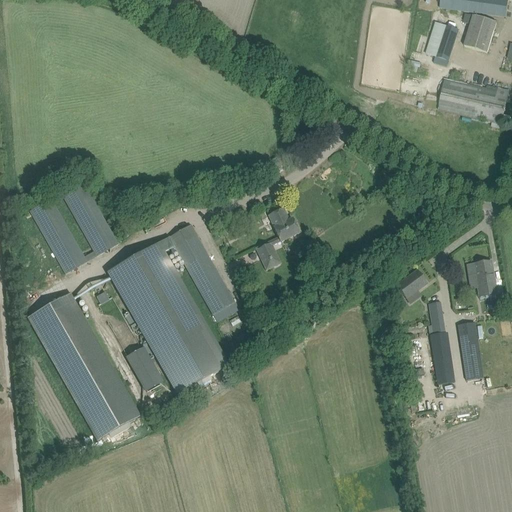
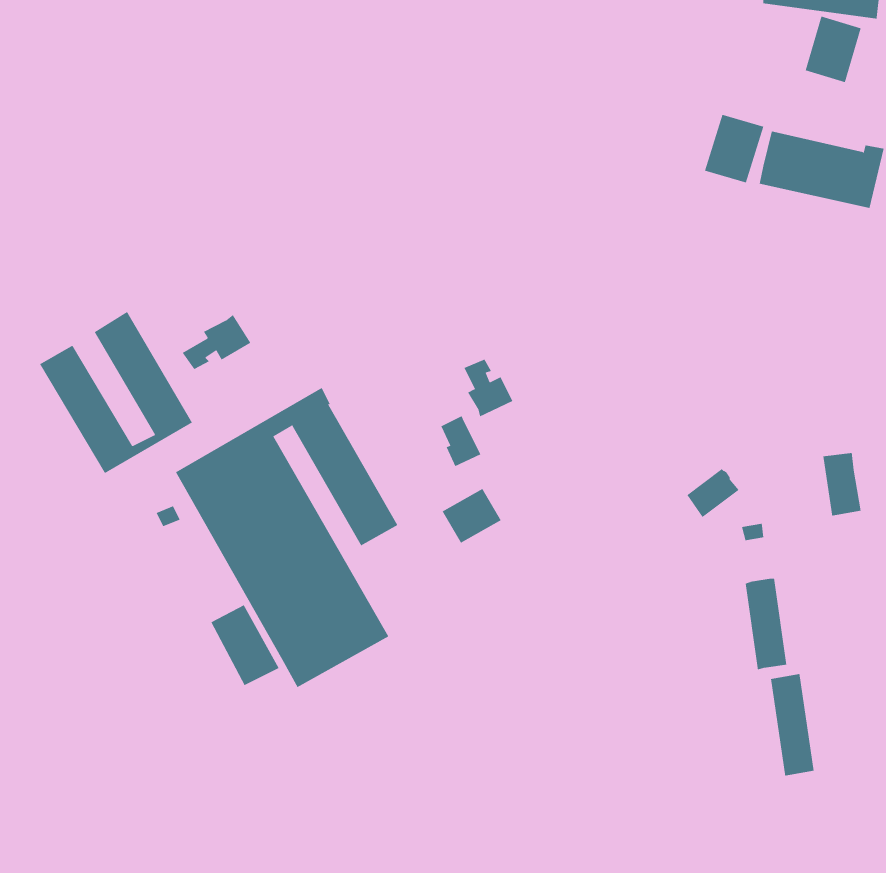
building: [425,19,459,58] -> [704,114,764,183]
building: none -> [182,314,251,370]
building: none -> [442,488,501,544]
building: [27,292,140,439] -> none
building: [458,321,483,379] -> [770,674,814,776]

